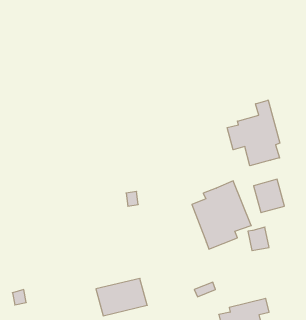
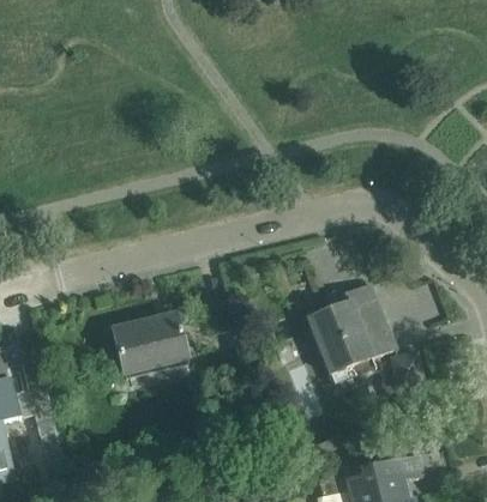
building: [227,100,280,166] -> none
building: [96,278,147,316] -> [113,315,188,370]

